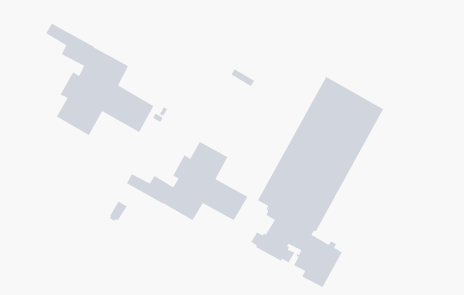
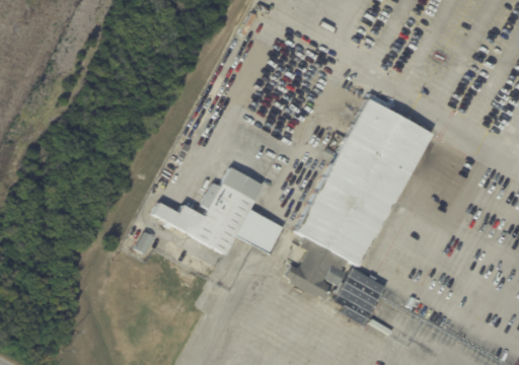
building: [45,22,154,136] -> none

